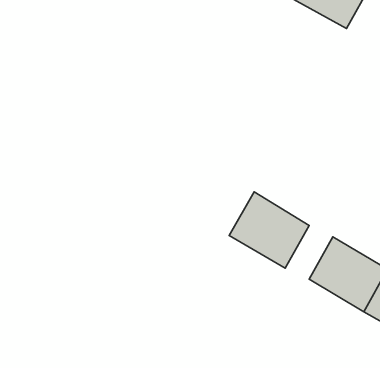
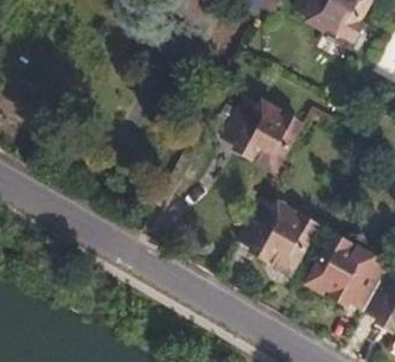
building: none -> [221,94,299,165]

